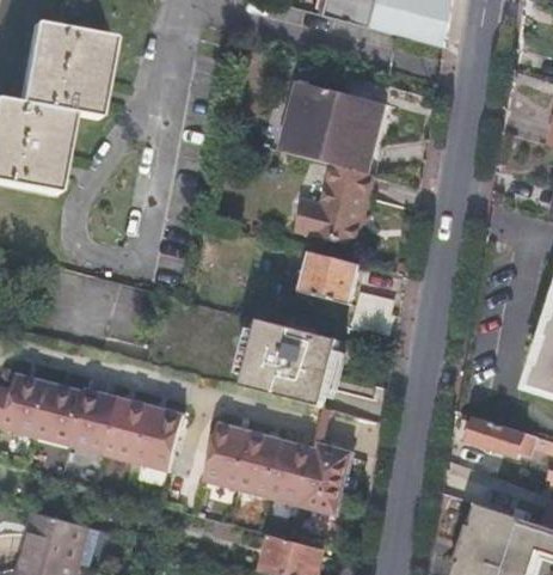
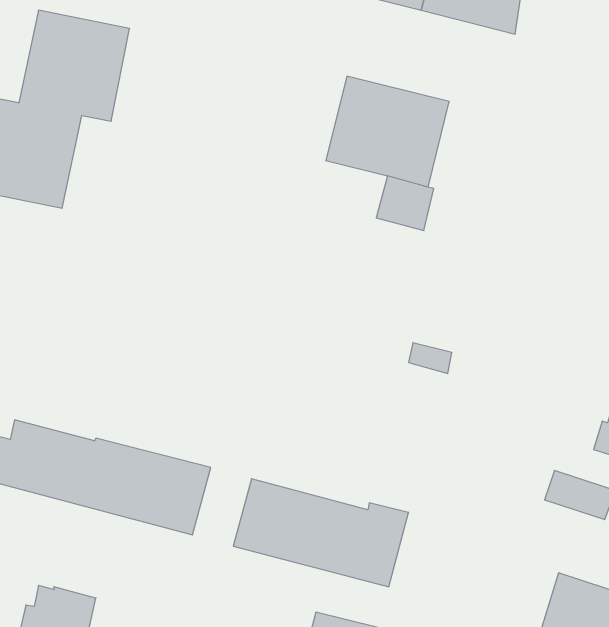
building: [297,201,364,245] -> none
building: [300,251,358,305] -> none
building: [240,318,338,406] -> none

